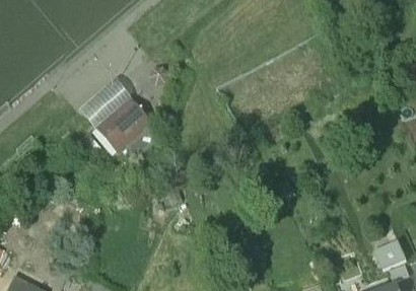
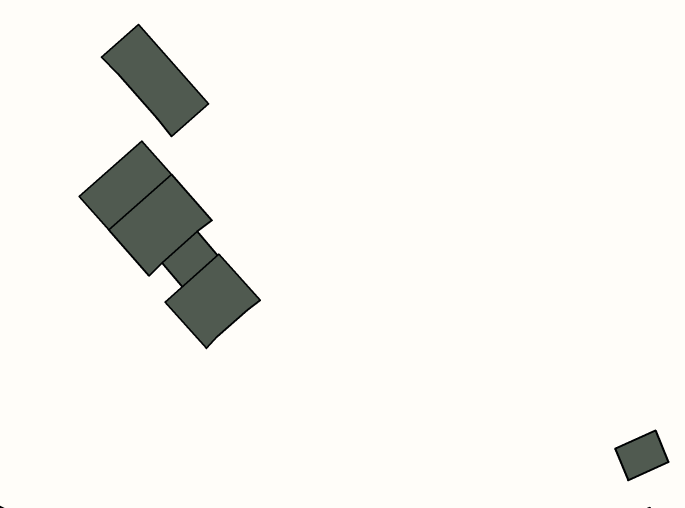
building: none -> [102,25,208,136]
building: none -> [165,254,260,348]

